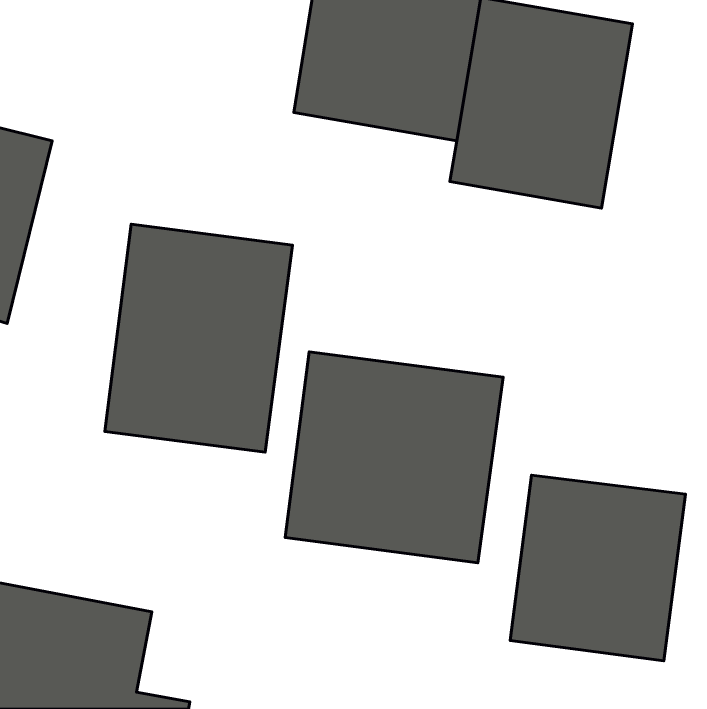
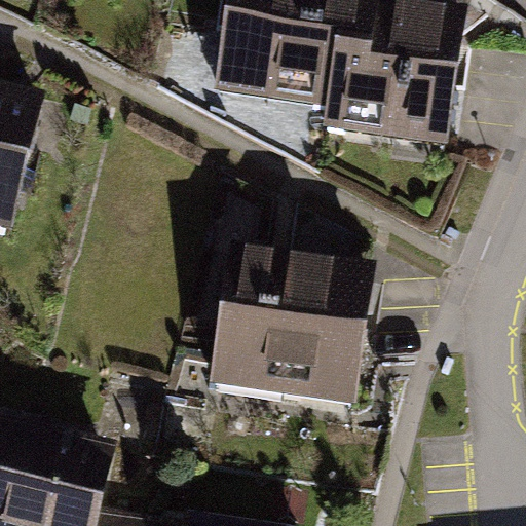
building: [105,224,292,452] -> none
building: [510,475,686,661] -> none

